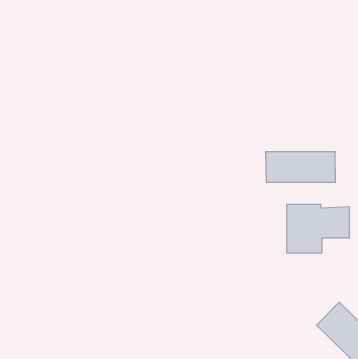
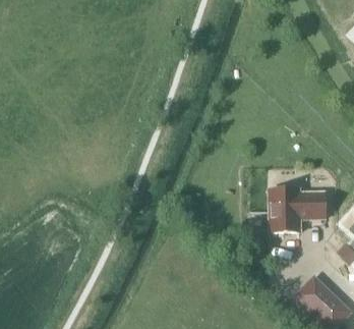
building: [266,151,335,183] -> none

